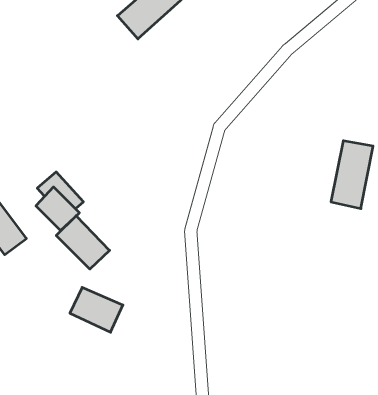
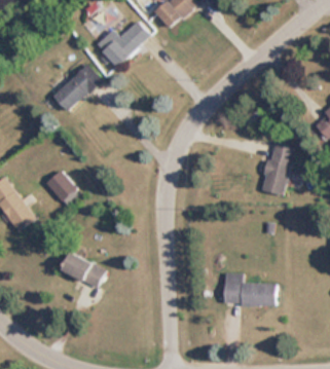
building: none -> [51,63,102,110]
building: [56,216,110,269] -> none
building: none -> [222,271,278,309]

